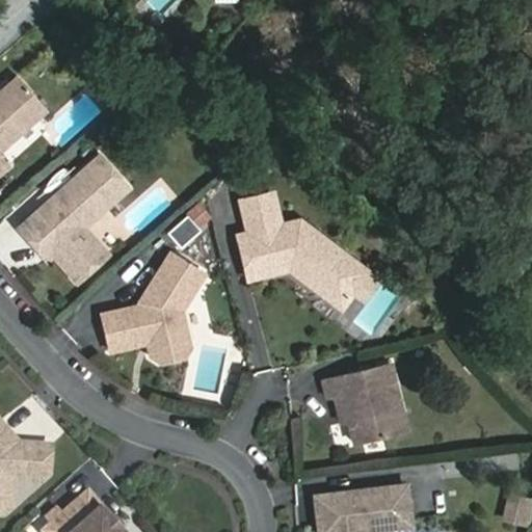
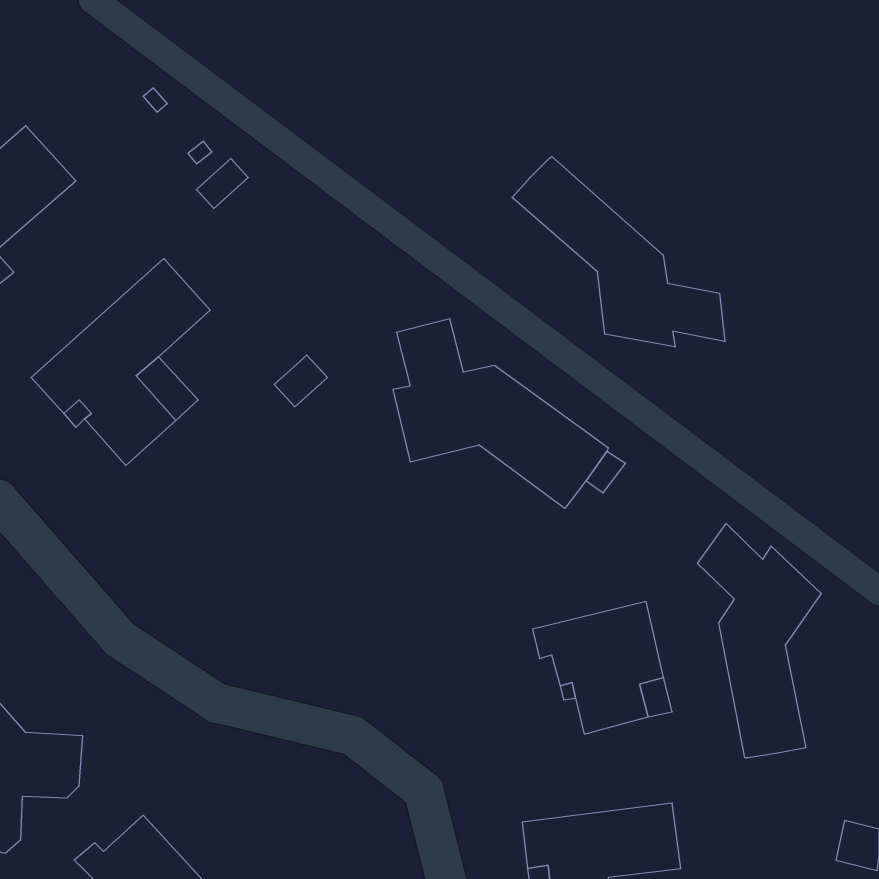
building: none -> [512,157,725,347]
building: [100,255,203,363] -> none
building: none -> [698,524,821,758]

